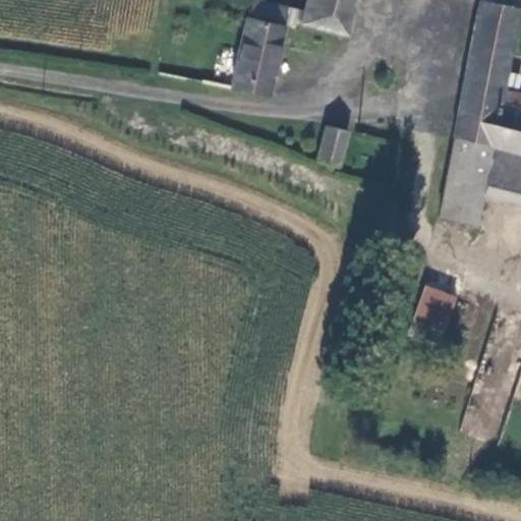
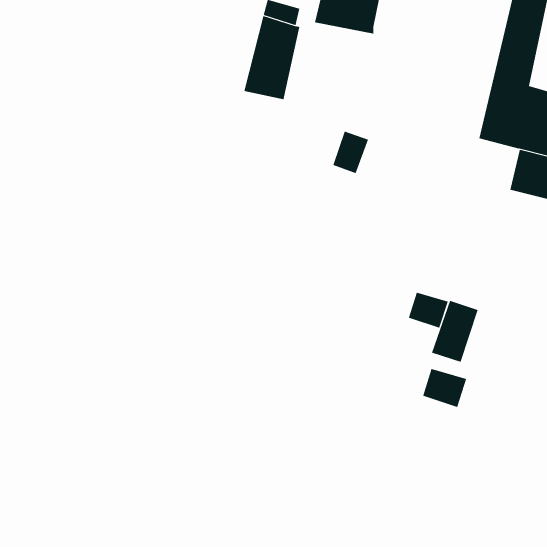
building: [437,131,494,220] -> none
building: none -> [408,292,448,328]
building: none -> [422,368,467,408]

